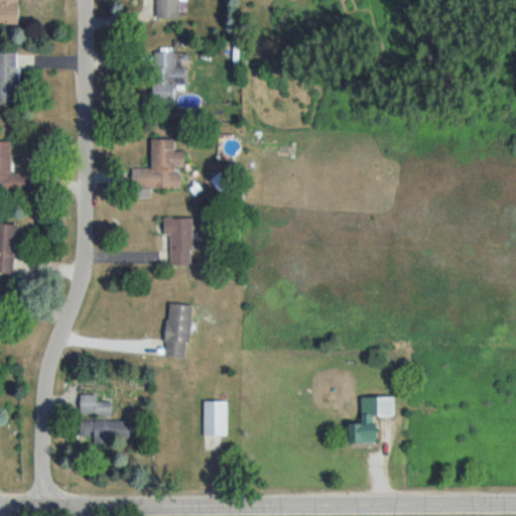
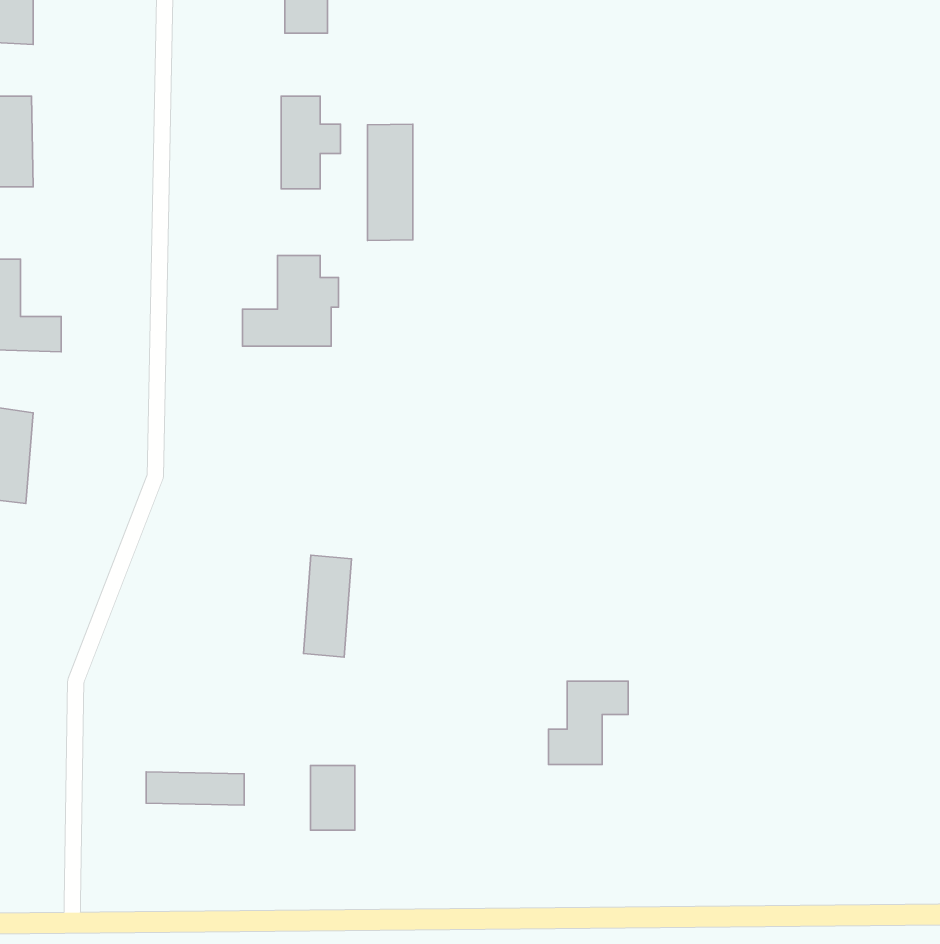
building: none -> [367,124,413,241]
building: [163,217,191,266] -> none
building: [80,393,111,414] -> none
building: [350,397,393,442] -> [549,681,628,764]
building: [203,400,227,435] -> [310,765,355,830]

